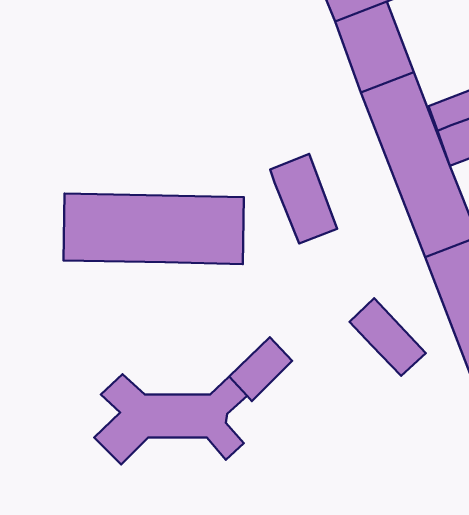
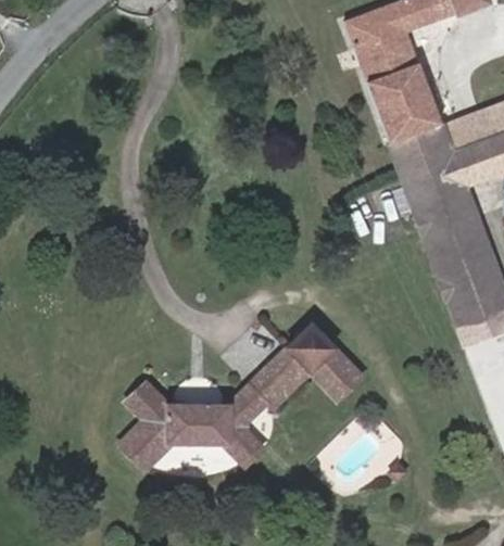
building: [270,154,337,244] -> none
building: [64,193,244,264] -> none
building: [349,298,426,376] -> [291,326,365,401]

